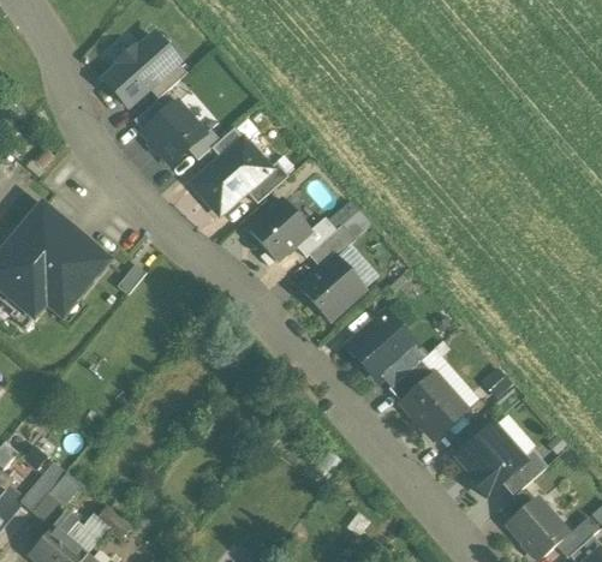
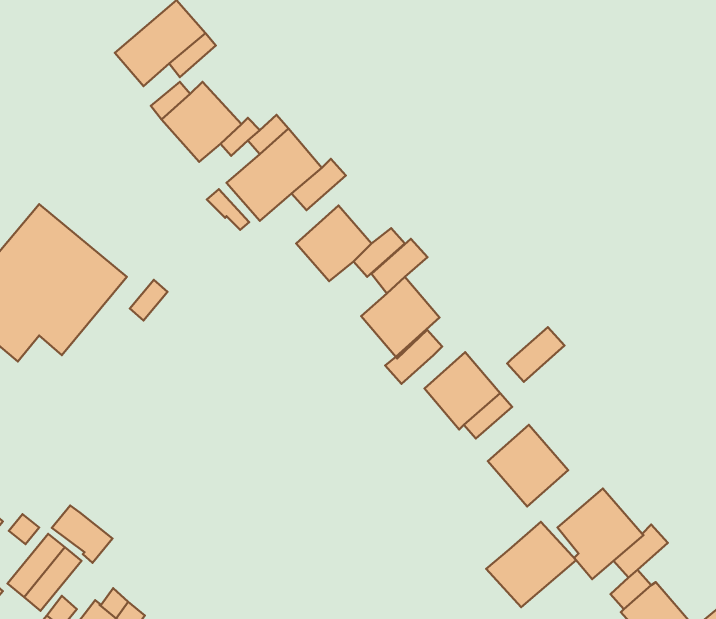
building: none -> [385,330,442,384]
building: [389,359,435,402] -> [507,327,565,382]
building: none -> [52,505,112,563]
building: none -> [486,522,576,607]

